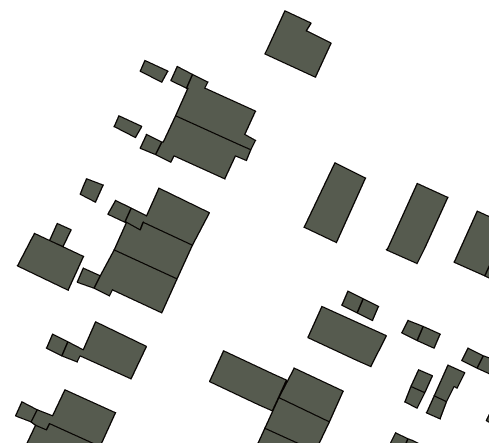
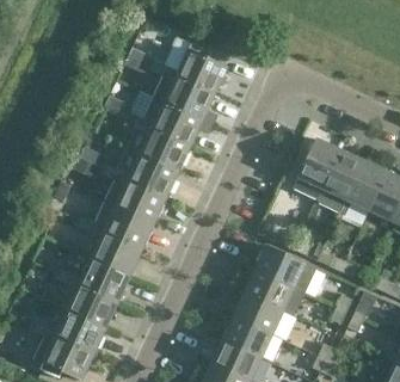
building: [265,11,331,77] -> [174,42,226,93]
building: none -> [139,128,190,172]
building: [304,163,366,243] -> [291,137,339,199]
building: none -> [345,160,386,210]
building: [17,233,84,290] -> [90,232,141,276]
building: [210,351,286,411] -> [244,269,303,315]
building: none -> [66,283,117,327]

